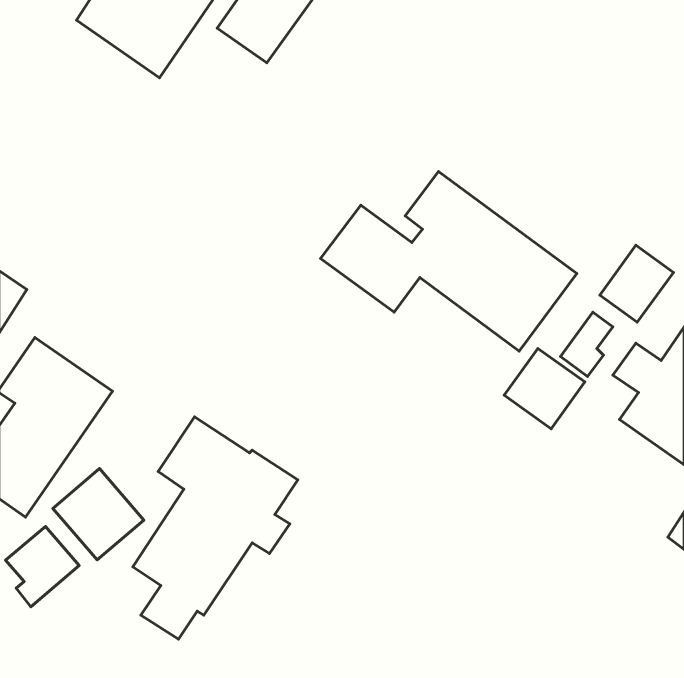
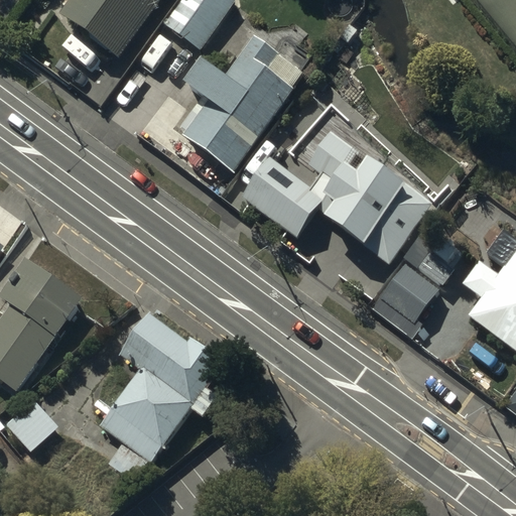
building: none -> [180,32,295,171]
building: [600,245,673,322] -> none
building: [53,469,144,560] -> none

